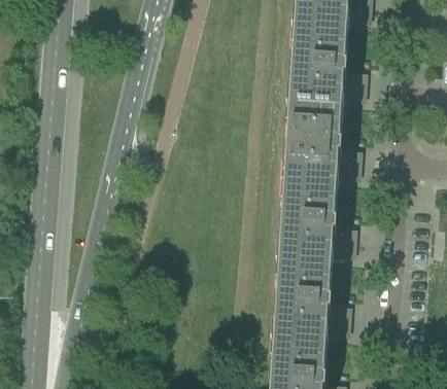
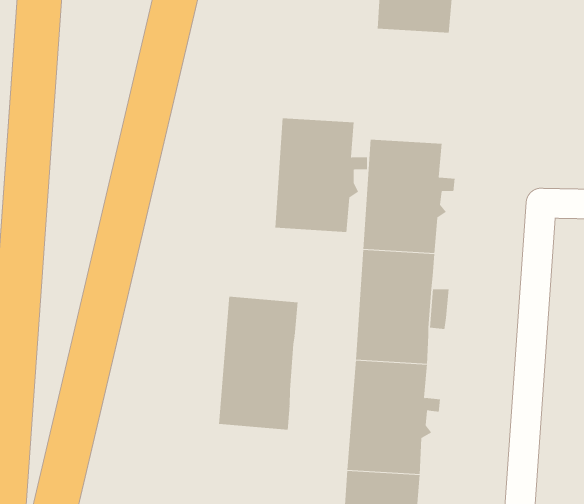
building: [287,39,353,120] -> [275,118,368,232]
building: none -> [219,296,298,431]

